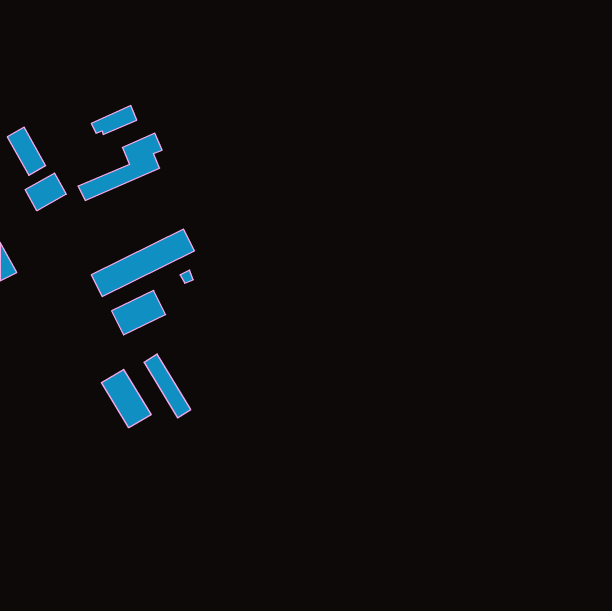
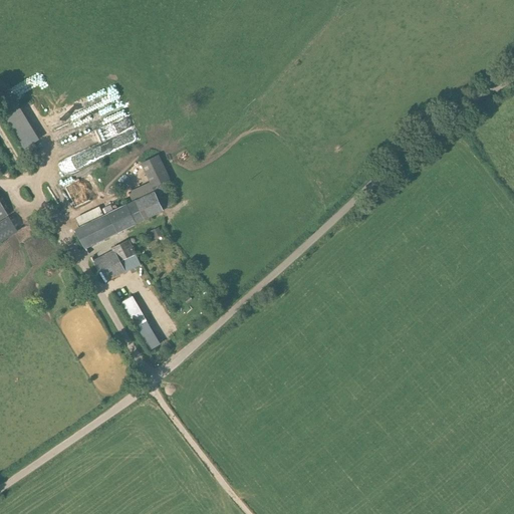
building: [25,173,66,211] -> none
building: none -> [143,156,170,186]
building: [101,369,151,428] -> none

